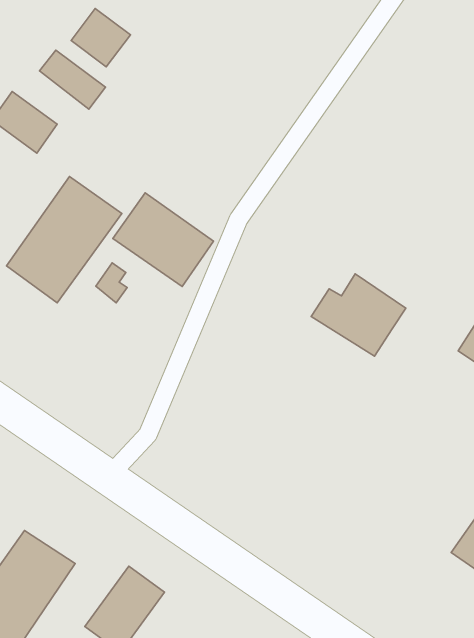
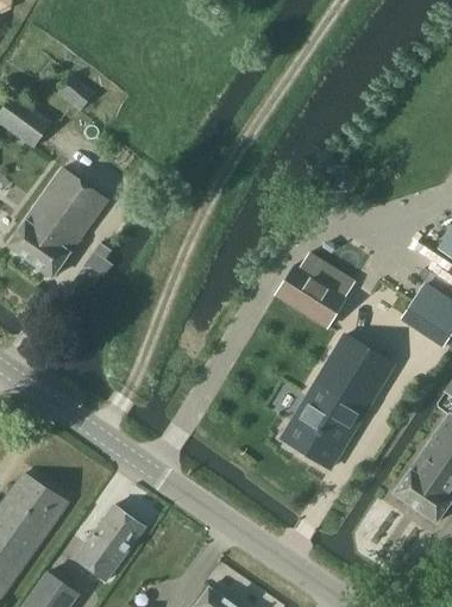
building: [71,9,131,67] -> none
building: [113,193,213,287] -> none
building: none -> [282,338,391,469]

